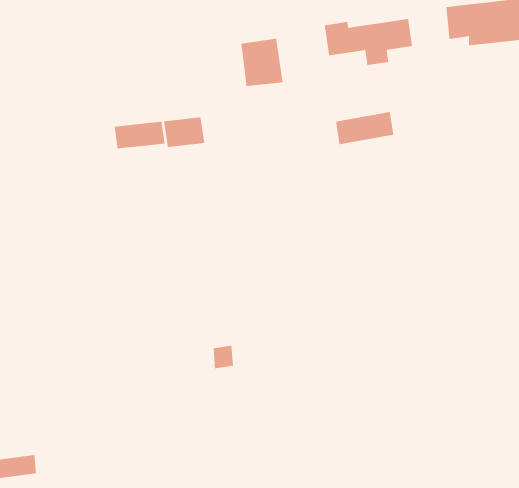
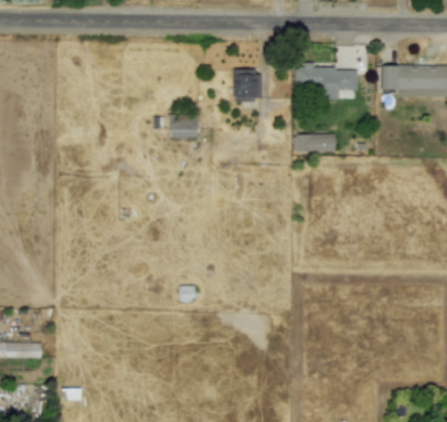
building: [114,121,165,149] -> none

